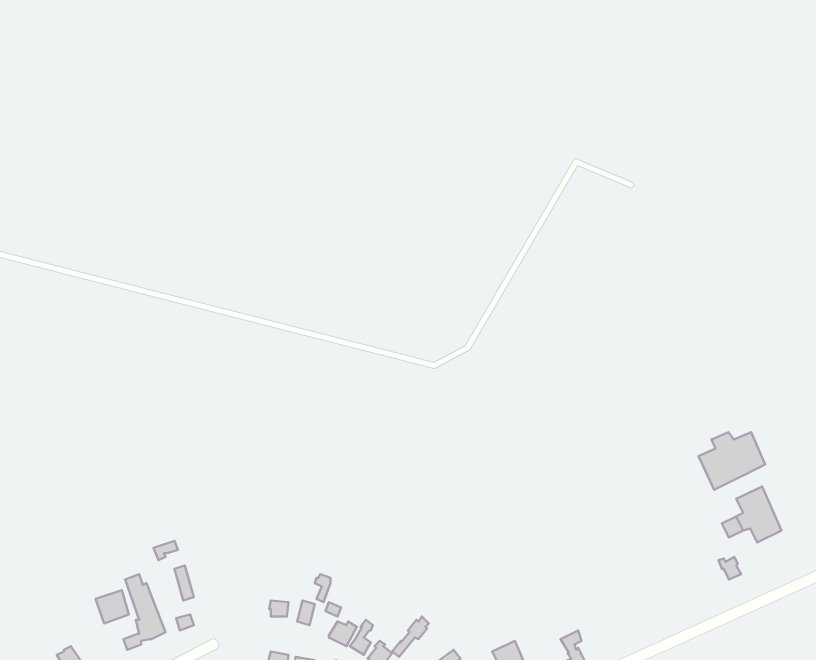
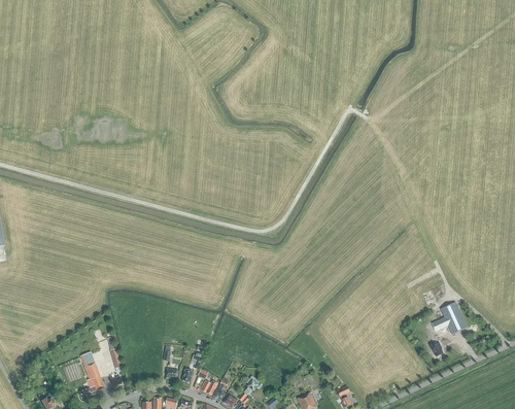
building: [698,432,765,490] -> none

